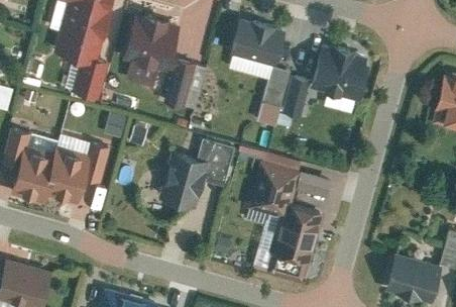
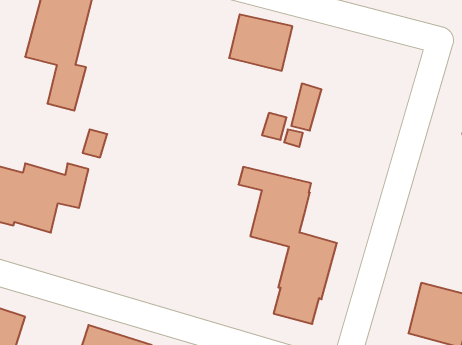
building: [123,10,195,108] -> none
building: [311,44,370,100] -> none
building: [264,67,291,105] -> none
building: [160,139,234,207] -> none
building: [295,170,331,197] -> none

